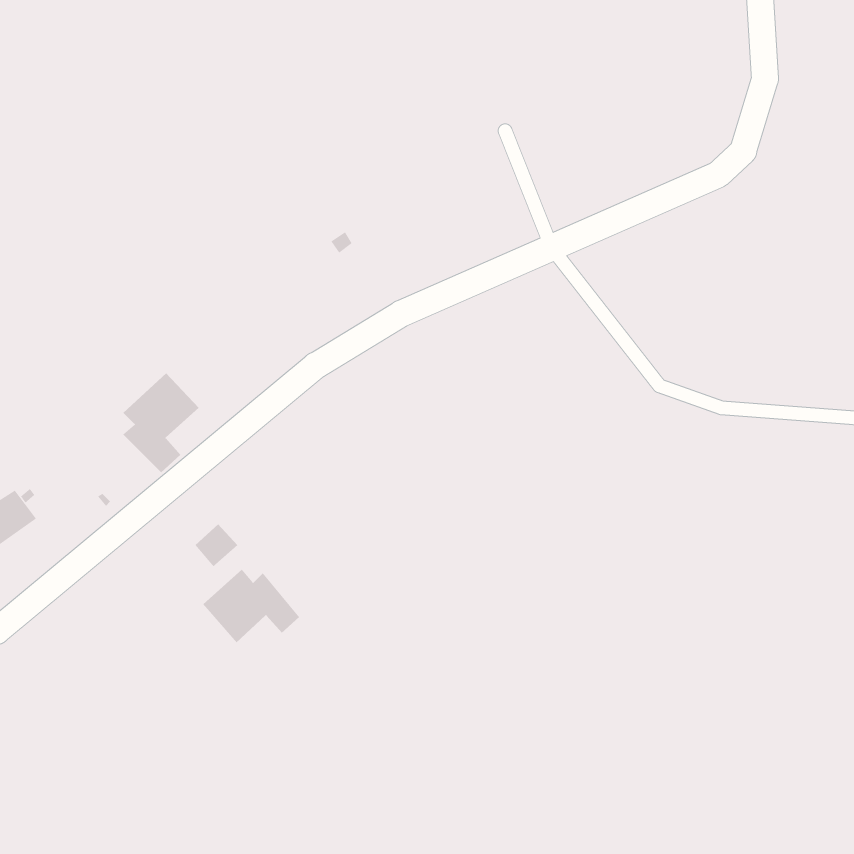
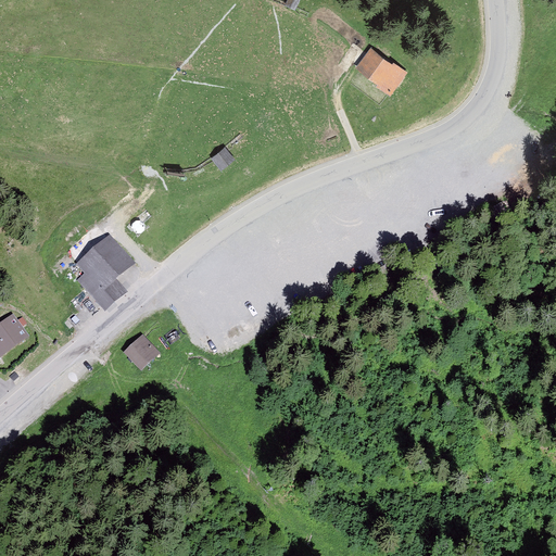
building: none -> [358,49,403,91]
building: [203,569,300,643] -> none

